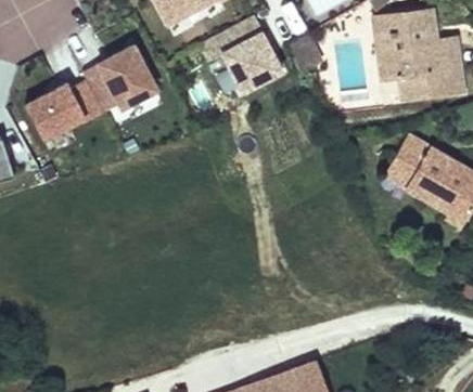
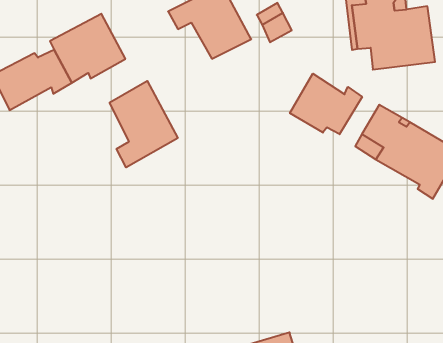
building: none -> [290,74,362,134]
building: none -> [110,81,178,167]

